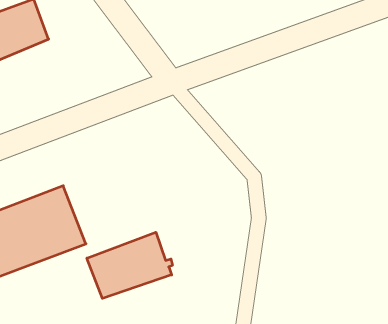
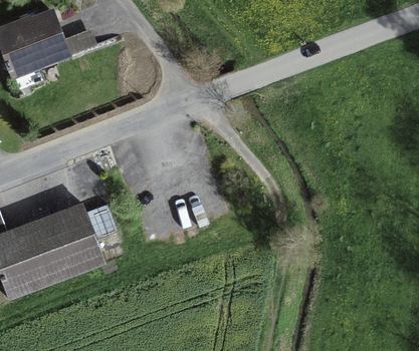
building: [87,232,172,298] -> none

